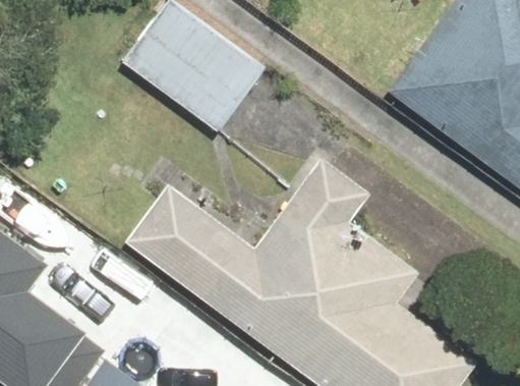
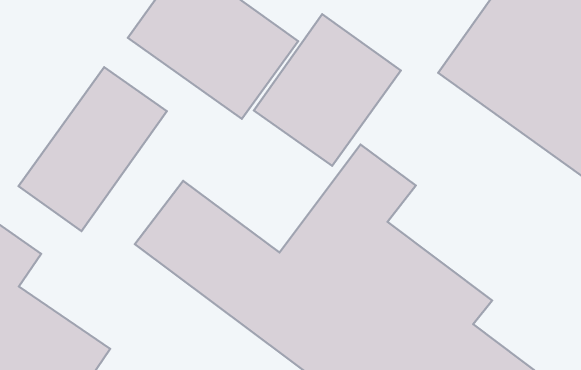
building: none -> [254,14,401,166]
building: none -> [19,67,167,231]

